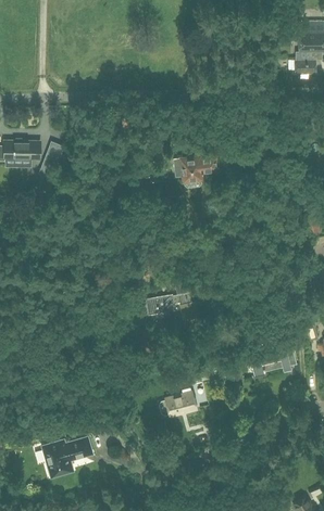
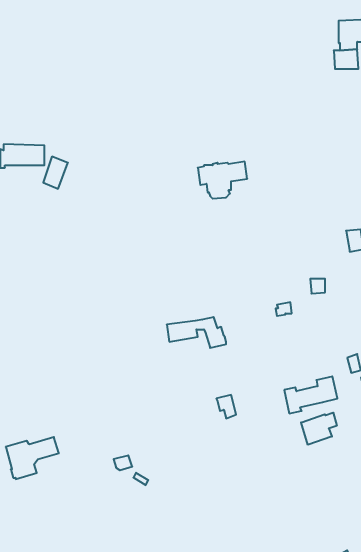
building: none -> [301,413,337,445]
building: [159,389,197,416] -> none
building: [43,438,90,475] -> [6,437,59,479]

